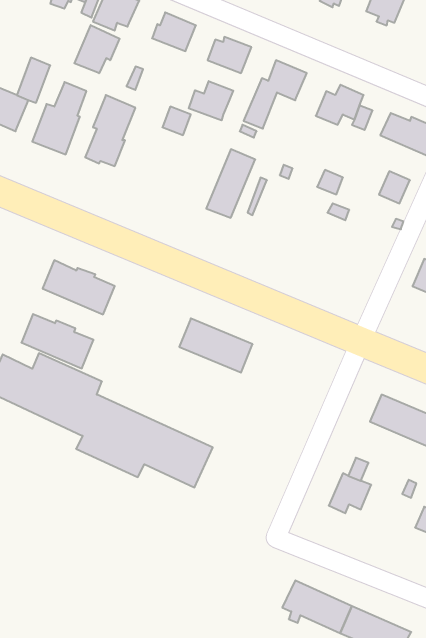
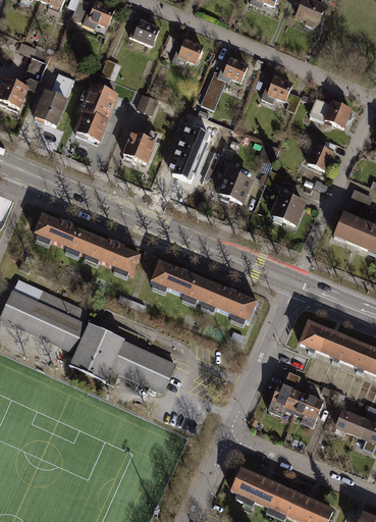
building: [74,25,120,73] -> none
building: [189,81,233,120] -> none
building: none -> [123,132,154,161]
building: none -> [220,171,251,201]
building: none -> [272,193,304,224]
building: [21,314,94,368] -> [90,234,147,277]
building: none -> [199,280,257,323]
building: none -> [293,392,322,424]

